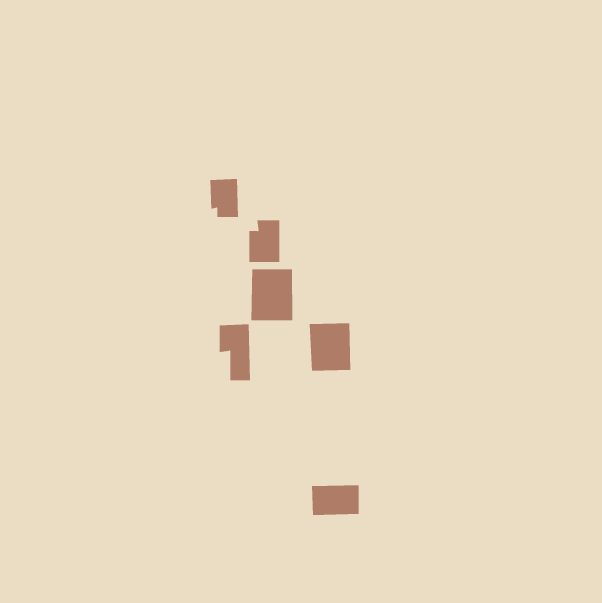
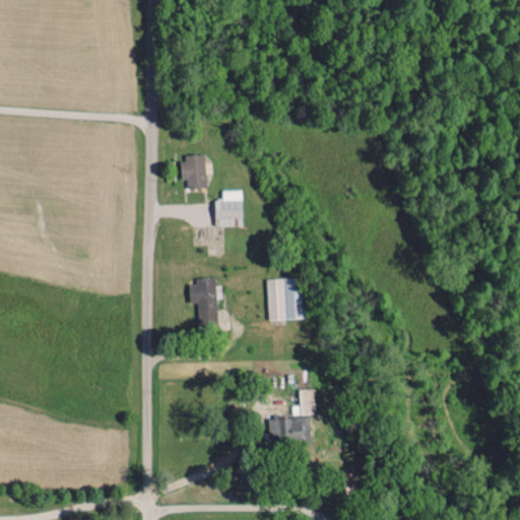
building: [251,268,293,321] -> none
building: none -> [292,389,317,415]

